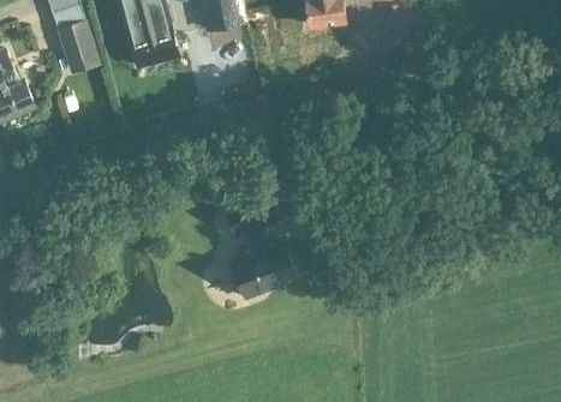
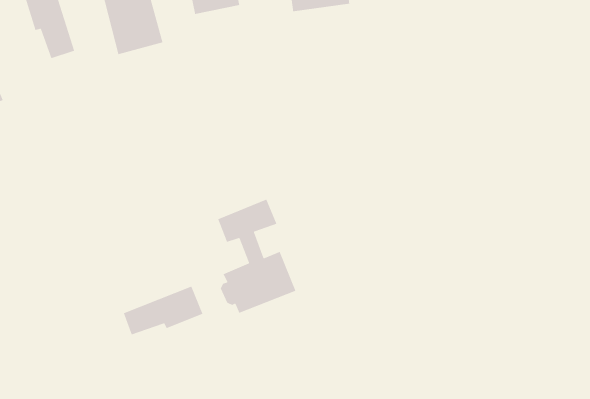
building: none -> [123,285,203,336]

